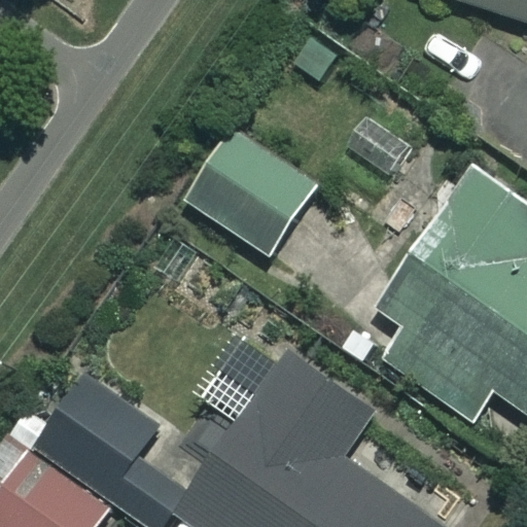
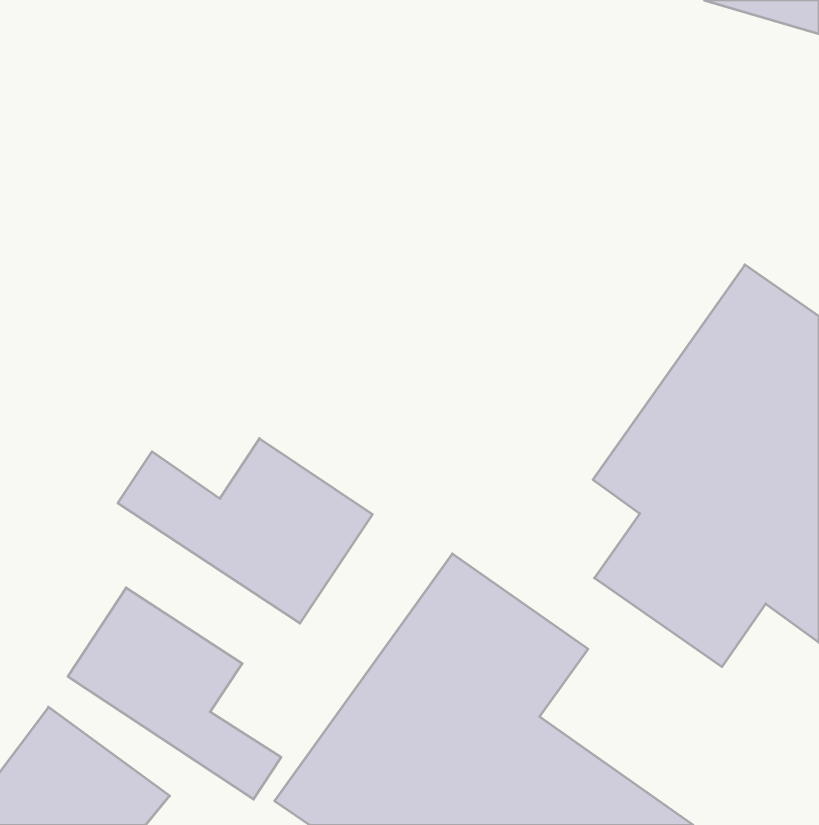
building: [187,126,315,249] -> none
building: none -> [118,438,372,623]

